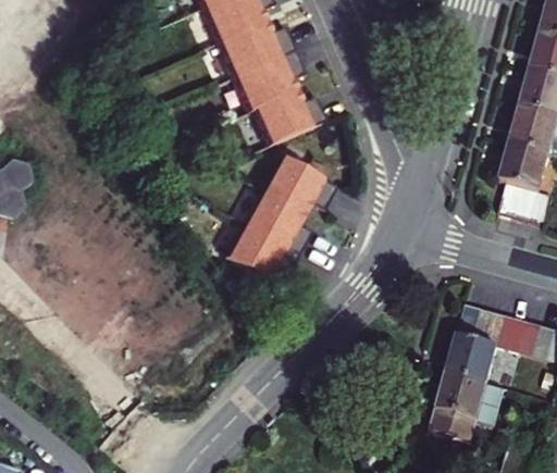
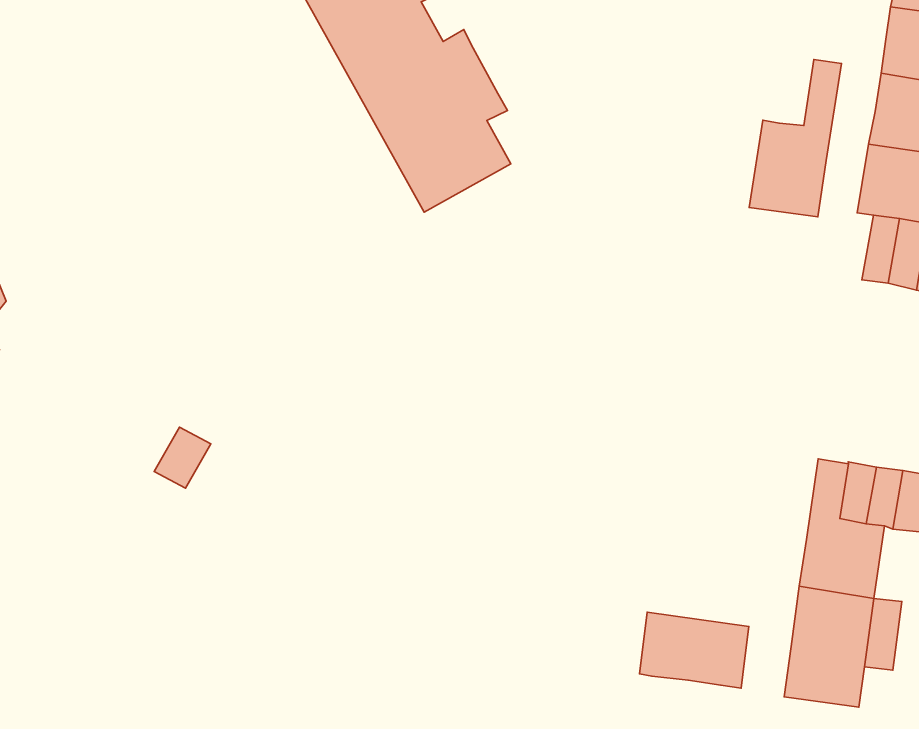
building: none -> [749,60,842,217]
building: [234,148,341,265] -> none
building: none -> [639,612,749,688]

